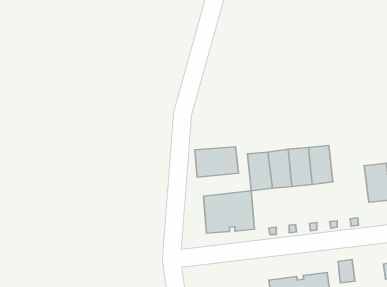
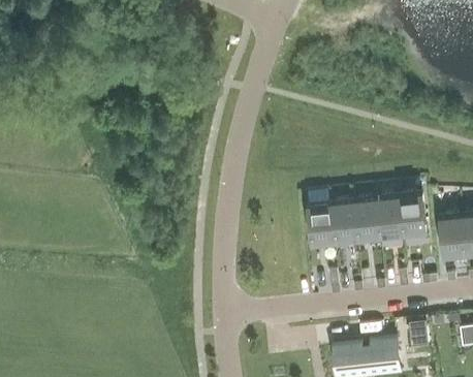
building: none -> [399,191,427,234]
building: [195,147,239,177] -> none
building: [204,191,254,233] -> none

